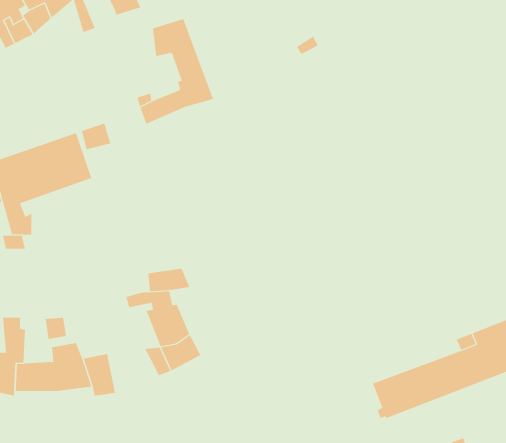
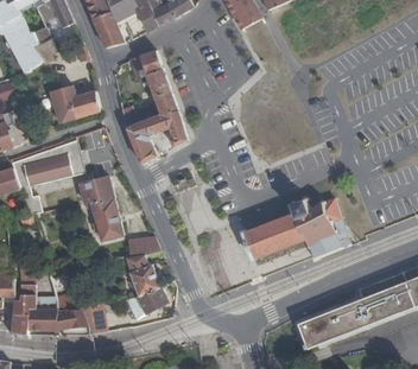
building: none -> [50,87,100,123]
building: none -> [127,110,186,165]
building: none -> [80,177,122,240]
building: none -> [241,195,338,260]

